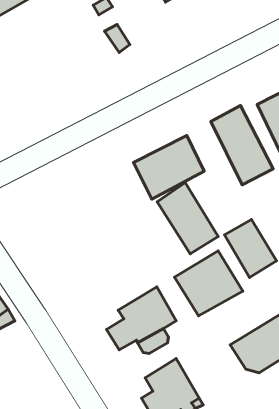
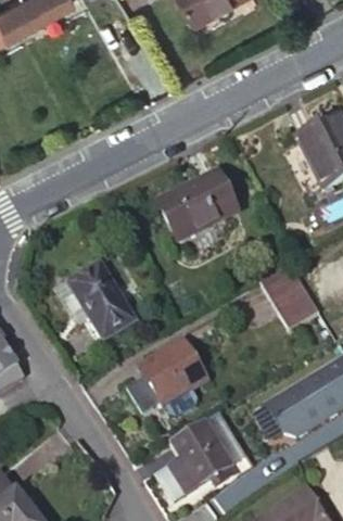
building: [211,105,273,185] -> none
building: [157,182,218,254] -> [69,259,138,340]
building: [175,251,243,316] -> none

